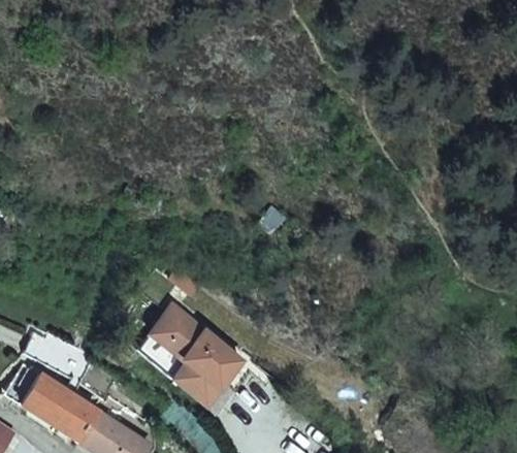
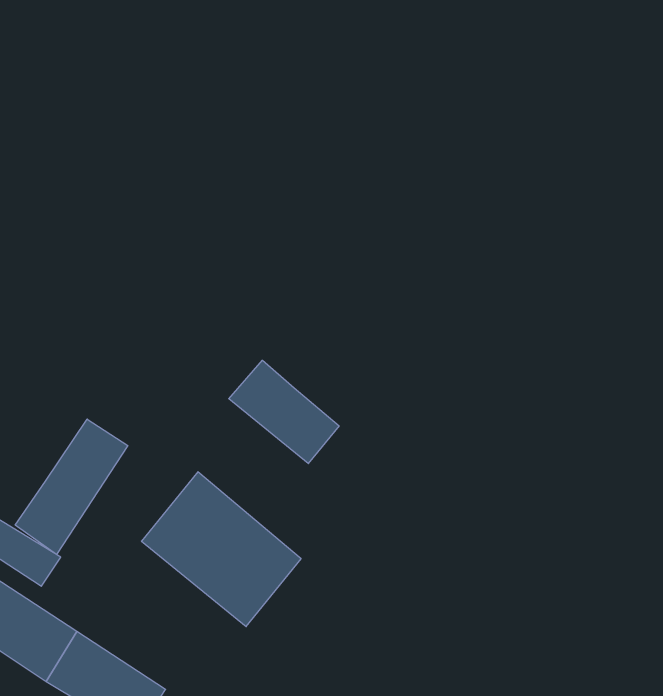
building: none -> [229,360,339,464]
building: none -> [15,419,128,555]

